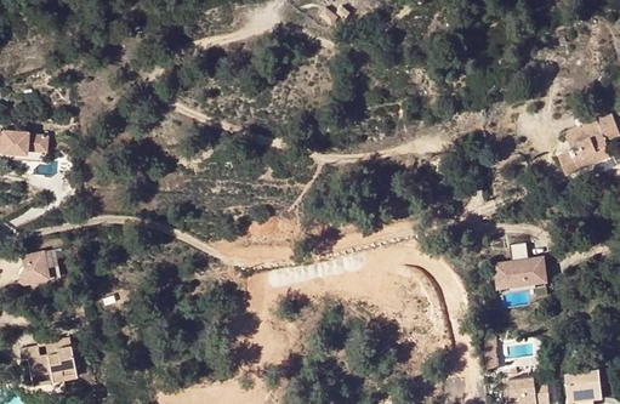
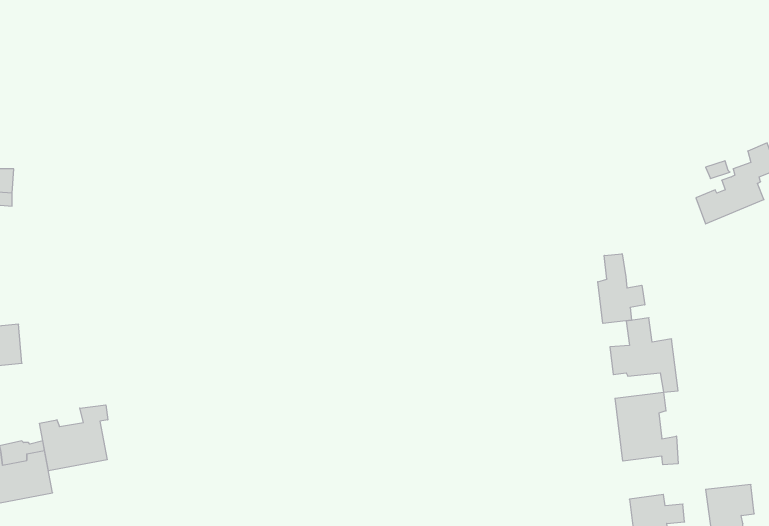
building: none -> [598,254,645,323]
building: none -> [615,392,678,465]
building: none -> [40,405,108,471]

